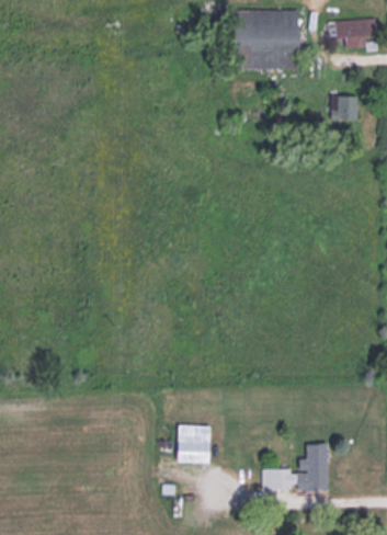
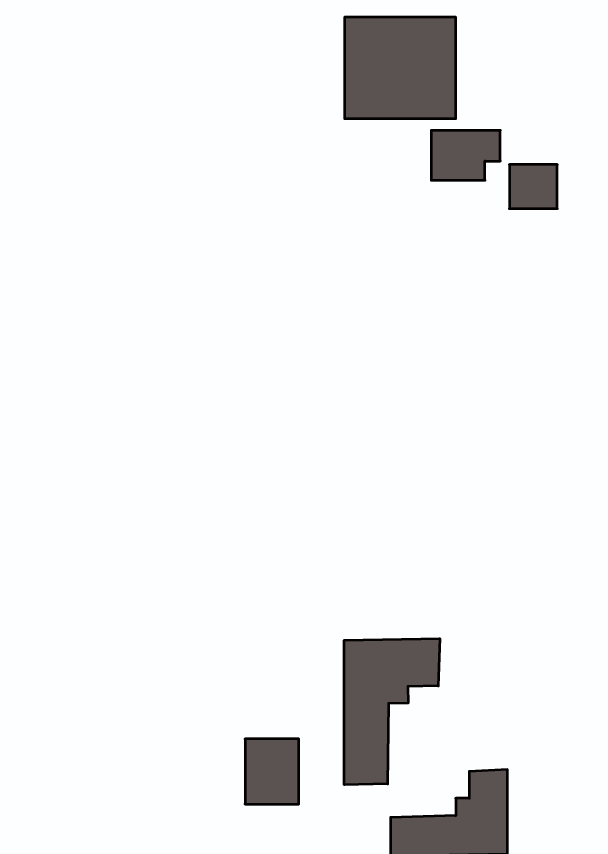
building: [337,20,376,48] -> [431,130,500,180]
building: none -> [344,639,440,785]

